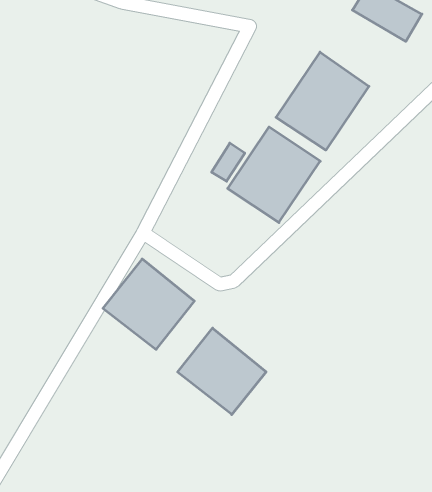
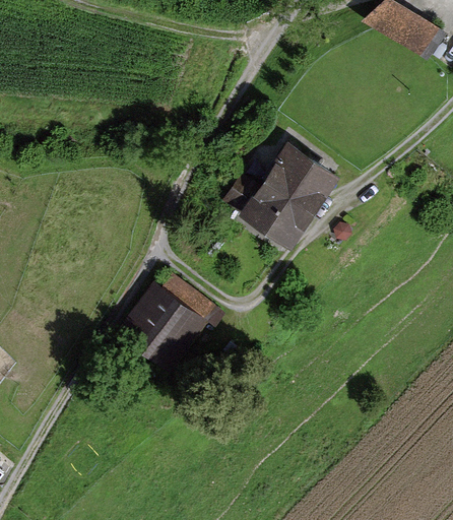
building: [276,52,369,150] -> none
building: [178,328,266,415] -> none

